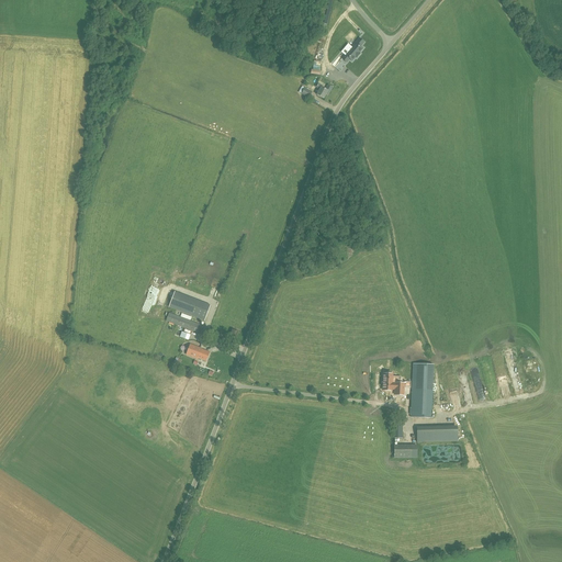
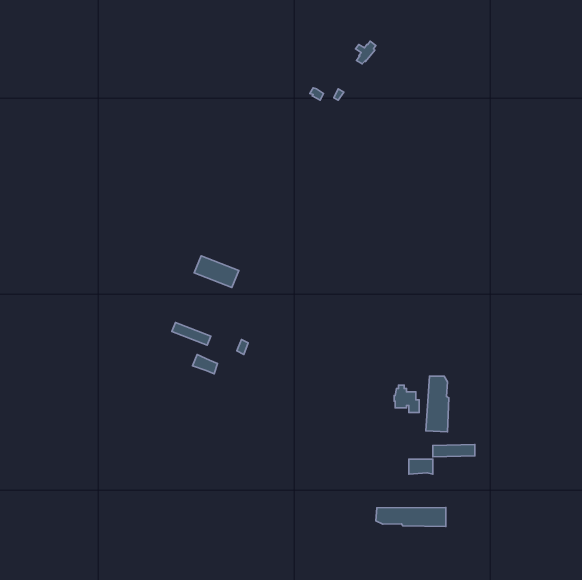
building: [168,289,211,319] -> [194,256,239,288]
building: none -> [376,507,446,527]

